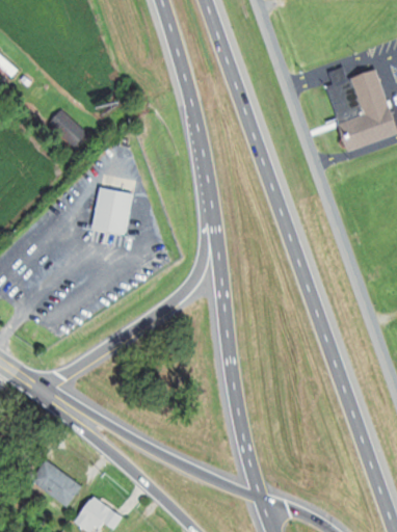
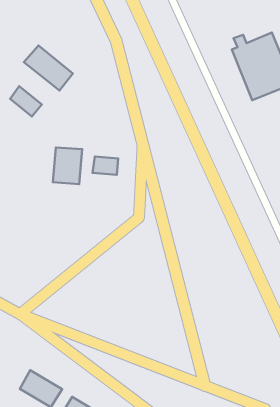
building: none -> [24,46,73,91]
building: none -> [93,157,118,175]

